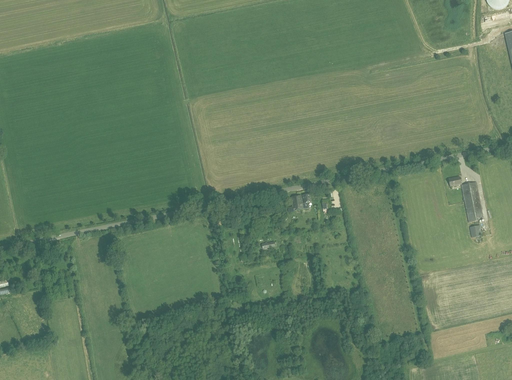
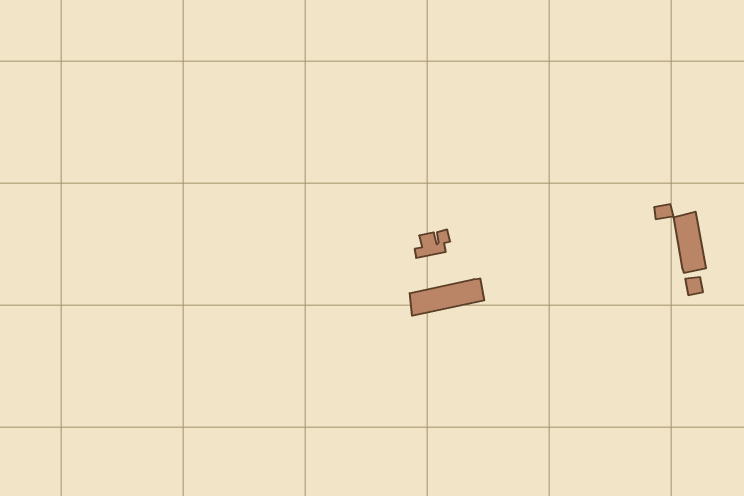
building: none -> [410,278,484,316]

